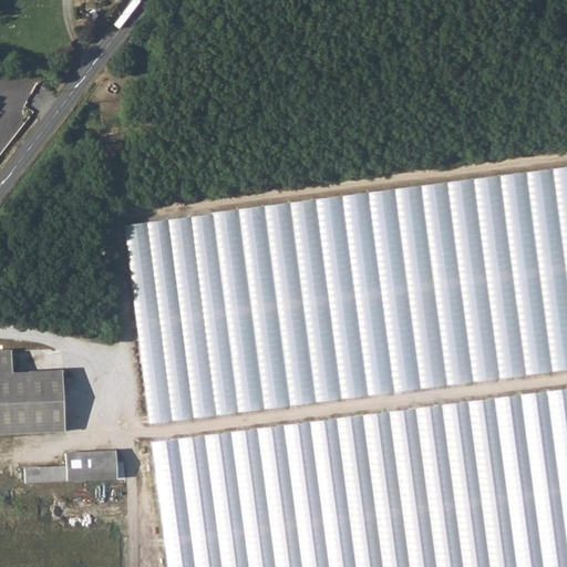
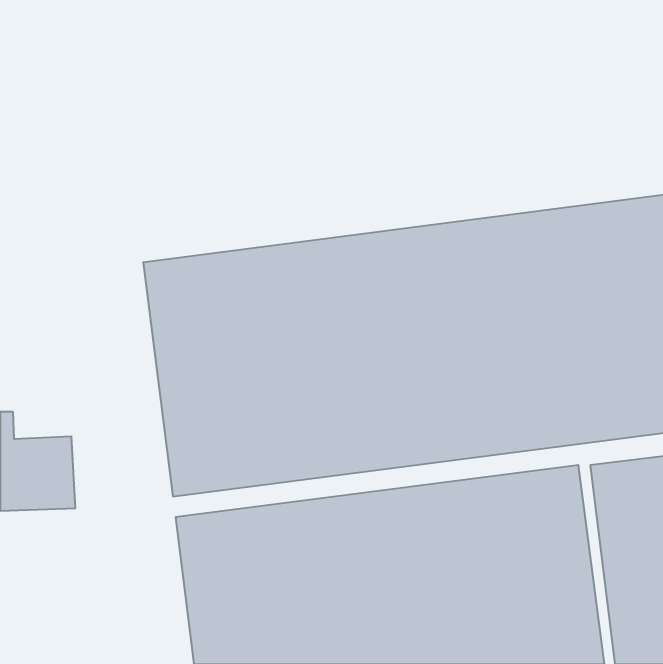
building: [28,452,120,484] -> none

